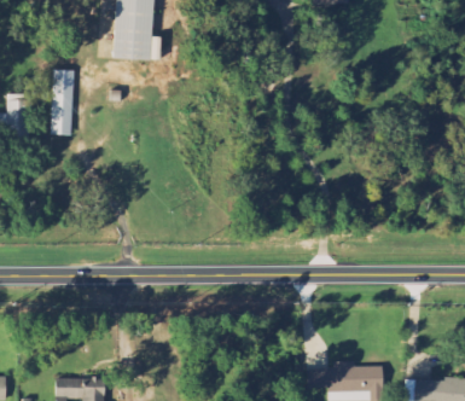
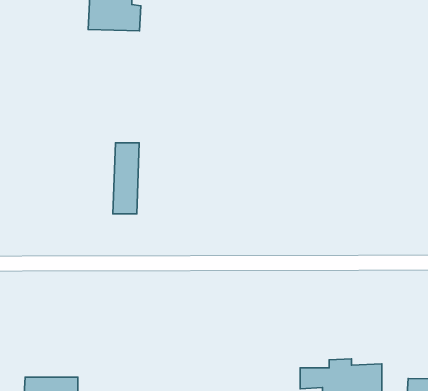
building: [50,71,74,136] -> [113,143,139,214]

